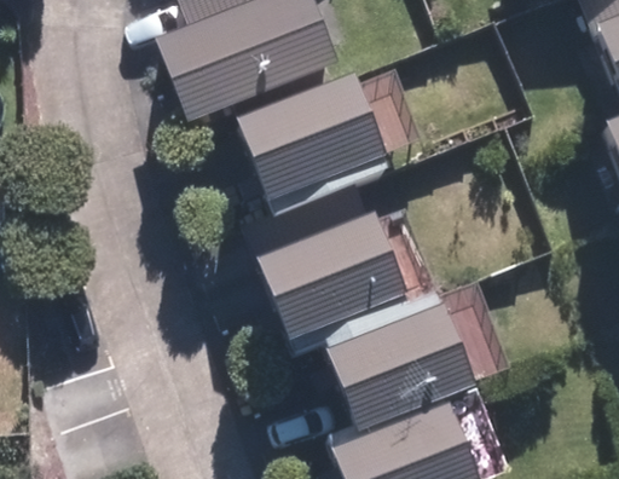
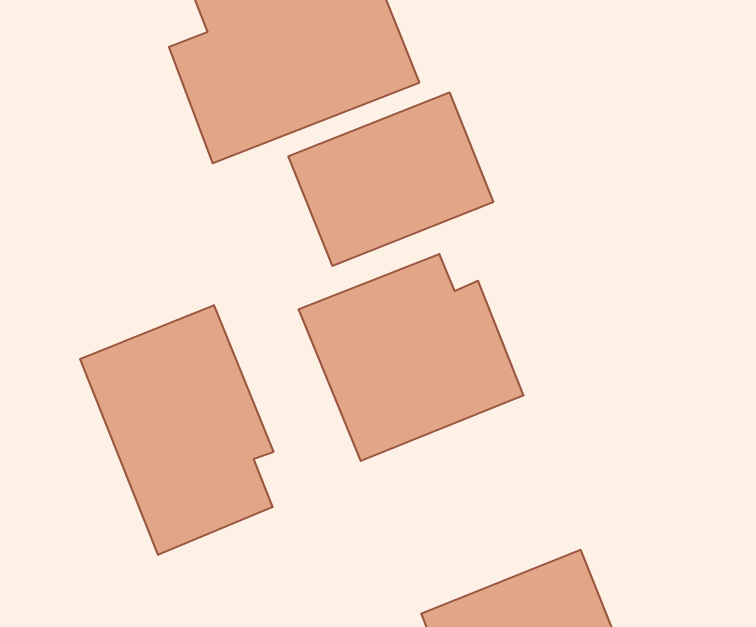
building: none -> [80,305,273,555]
building: [332,300,479,427] -> none

